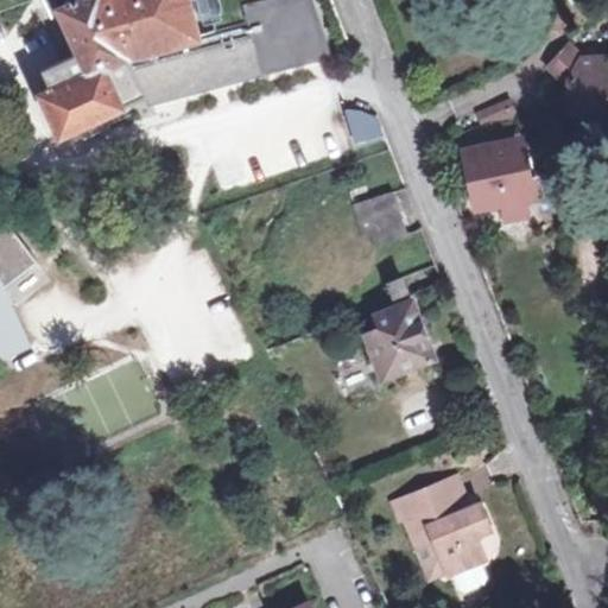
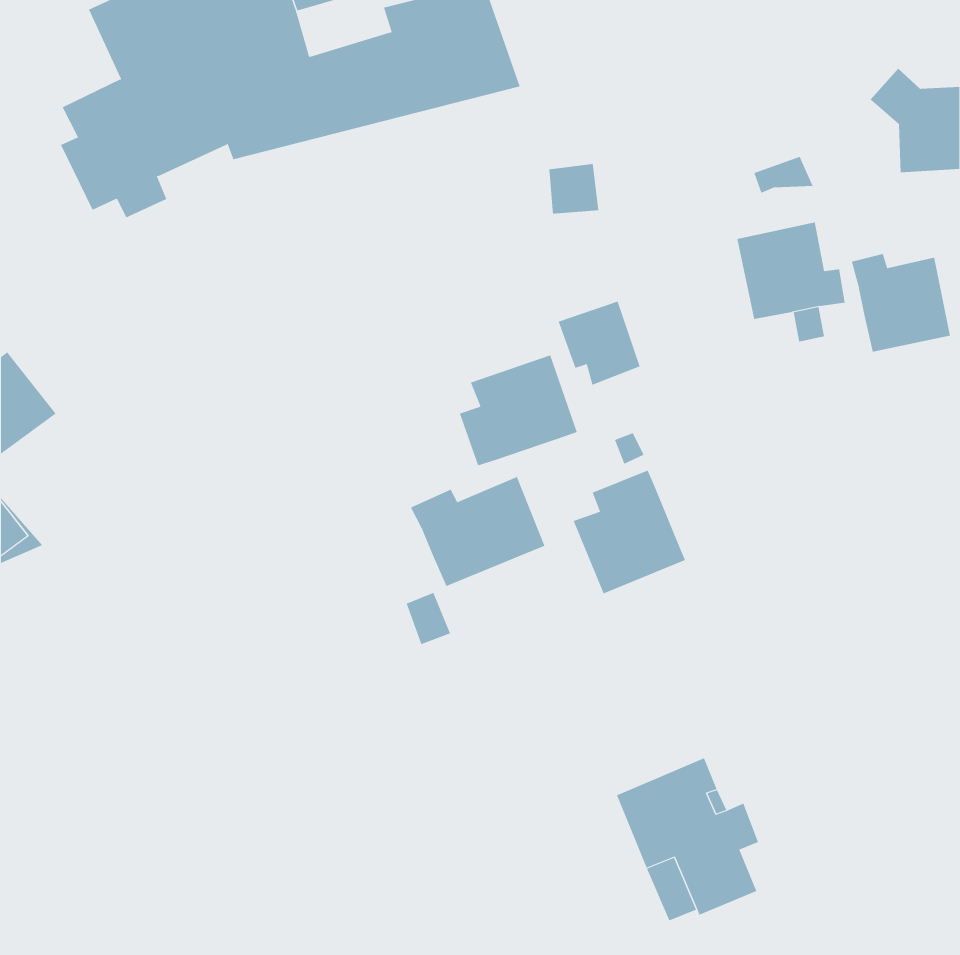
building: none -> [851,253,951,352]
building: none -> [459,355,577,466]
building: none -> [410,476,545,587]

